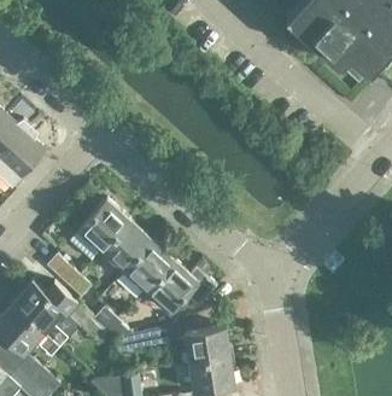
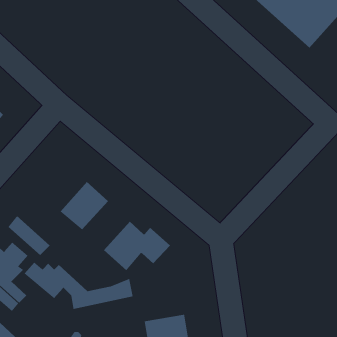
building: [80,200,130,252] -> none
building: [125,241,175,292] -> none
building: [185,330,232,366] -> none

